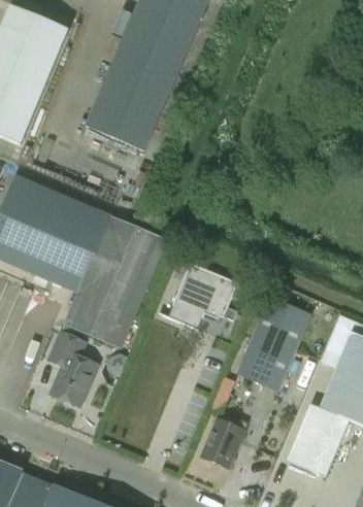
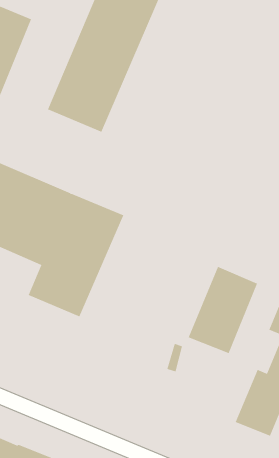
building: [167,264,238,331] -> none
building: [50,333,98,406] -> none
building: [201,418,249,469] -> none

